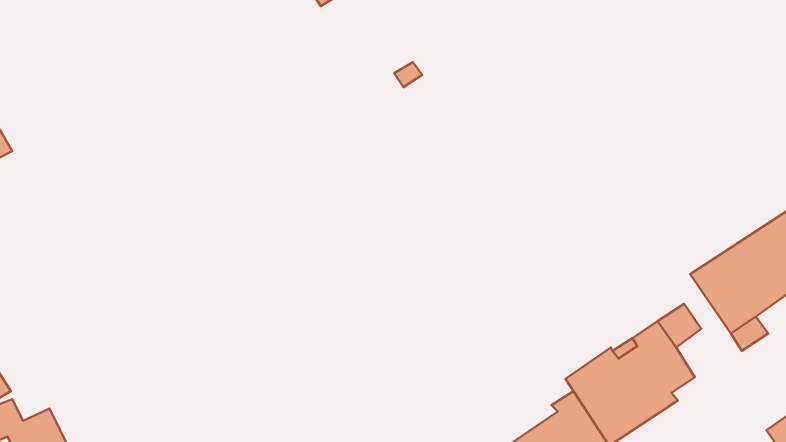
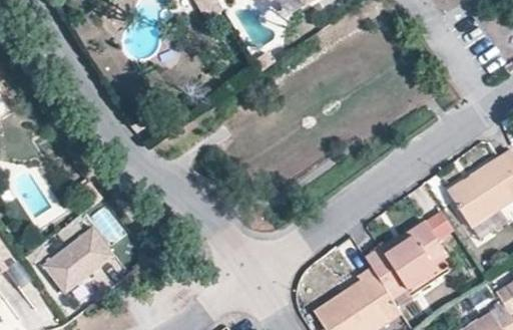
building: none -> [43,227,114,294]

